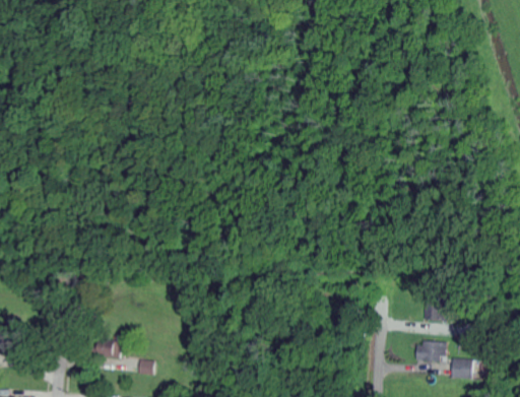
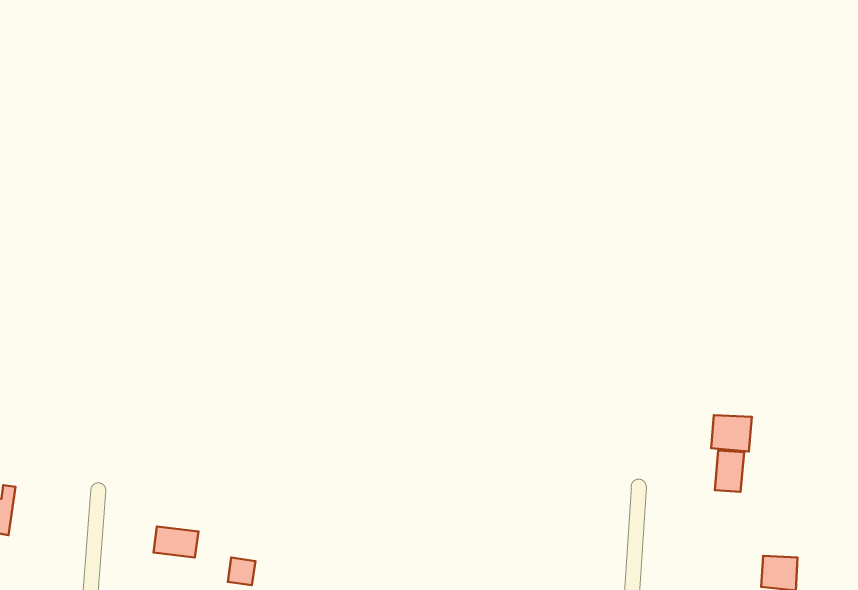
building: none -> [711,415,752,452]
building: [417,341,447,361] -> none

